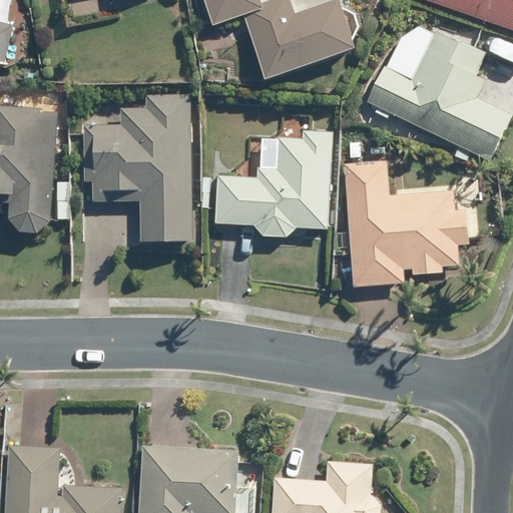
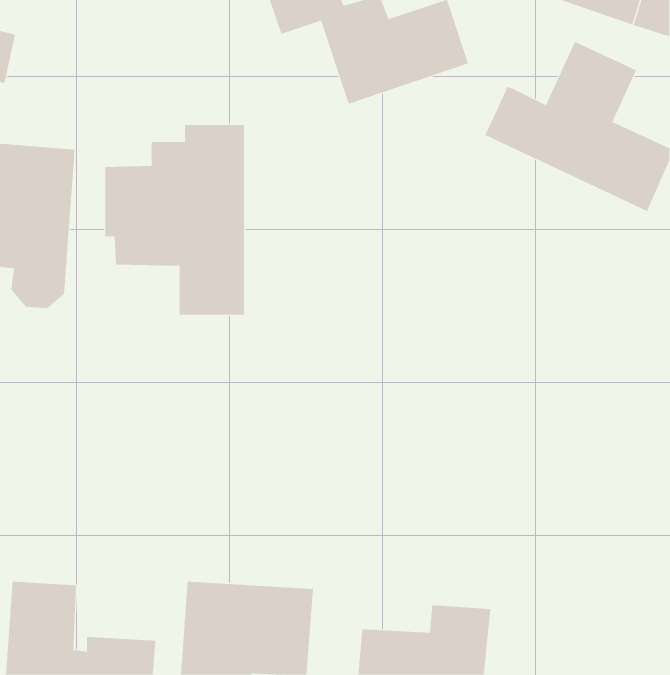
building: [215,130,335,237] -> none
building: [344,161,469,286] -> none

